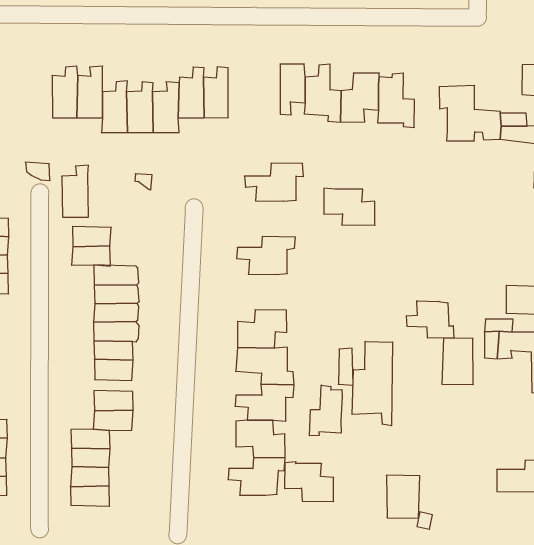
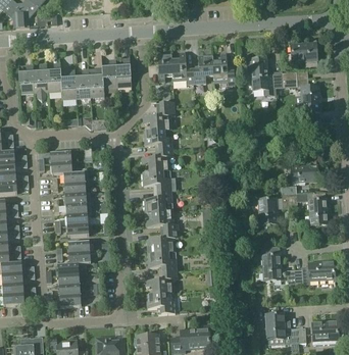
building: [62,165,88,217] -> [18,64,35,94]
building: [324,188,375,225] -> [144,130,173,150]
building: none -> [142,170,171,191]
building: [407,301,454,338] -> none
building: [352,341,393,426] -> none
building: [310,385,342,436] -> none
building: [285,462,334,501] -> [147,293,176,314]
building: [386,475,420,518] -> [262,255,282,280]

